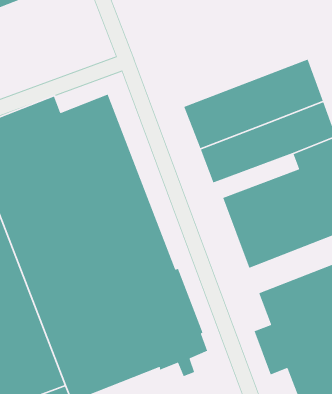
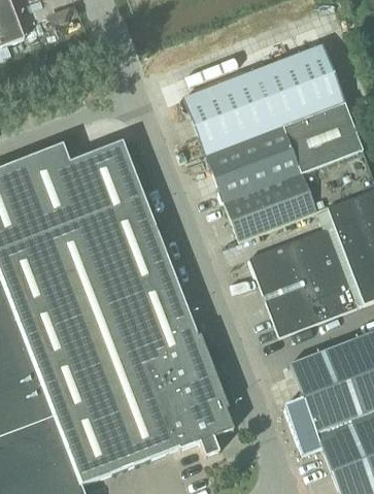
building: none -> [184,43,345,155]

